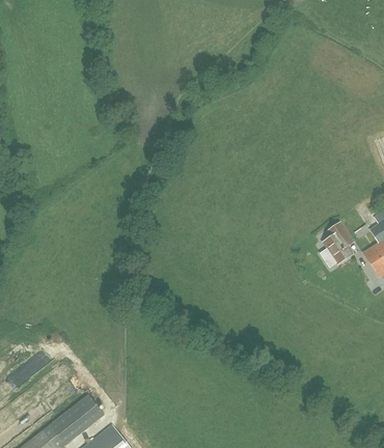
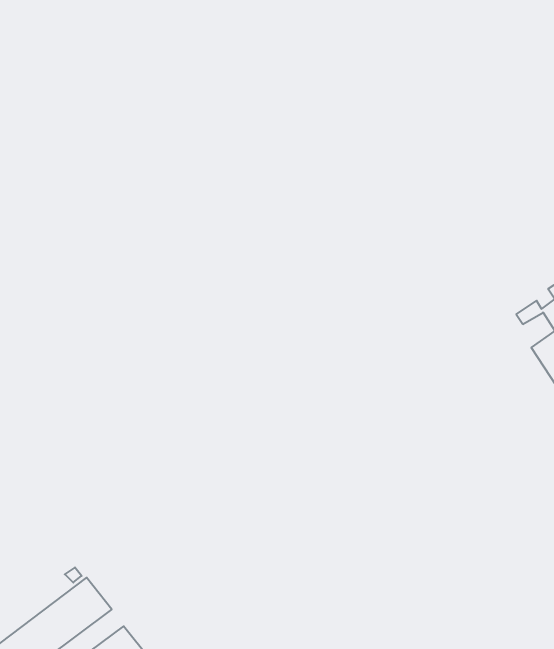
building: [323,222,353,263] -> none

